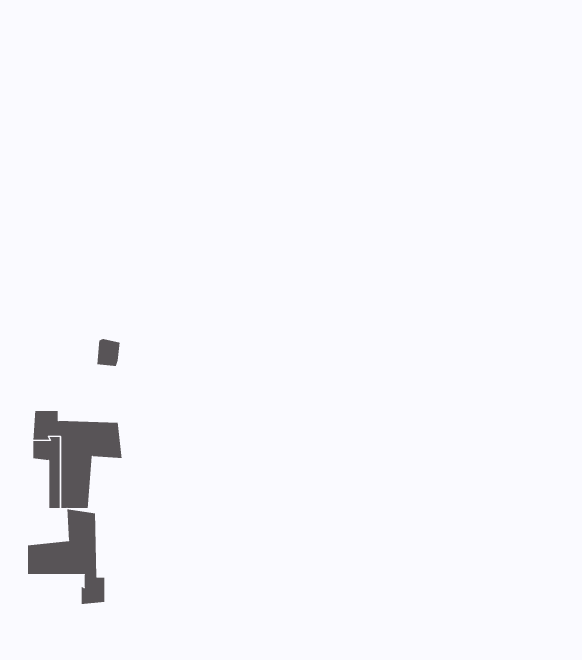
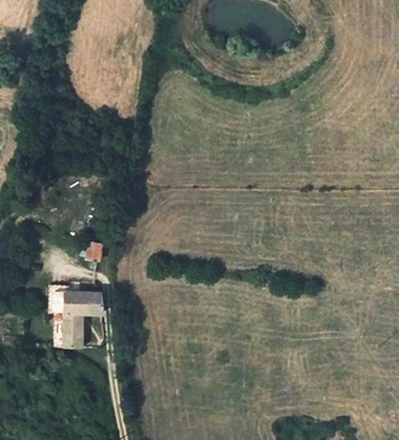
building: [27,508,105,605] -> none

